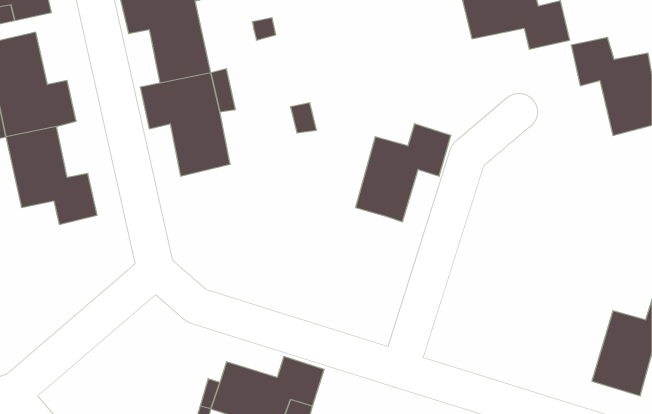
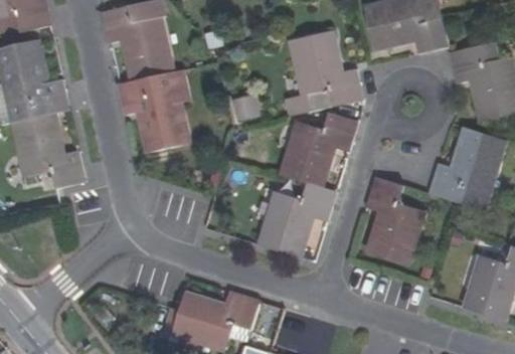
building: none -> [292,30,363,113]
building: none -> [427,127,505,209]
building: none -> [365,177,423,264]
building: none -> [261,183,336,257]

